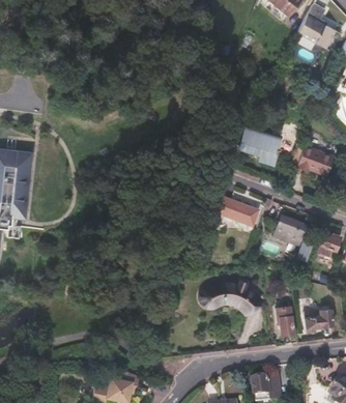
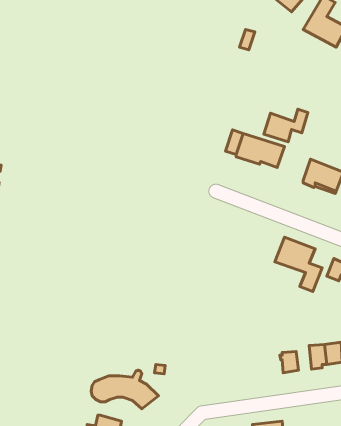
building: none -> [264,109,308,142]
building: [217,195,258,224] -> none
building: [201,277,260,311] -> [91,370,158,409]

